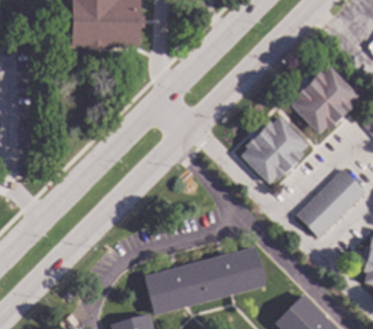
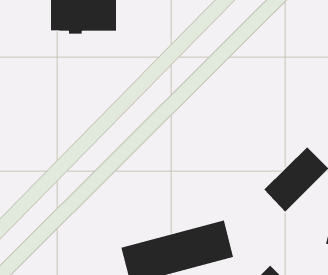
building: [291,65,360,133] -> none
building: [241,115,309,183] -> none

